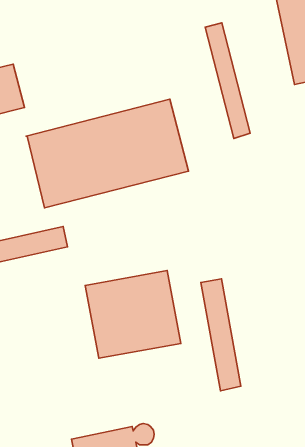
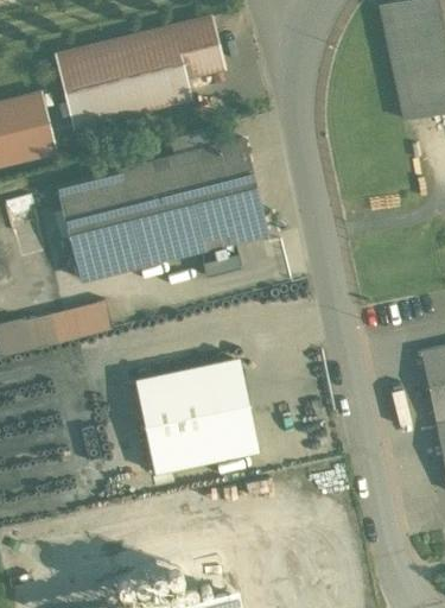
building: none -> [57,18,224,126]
building: [205,23,250,138] -> none
building: [201,279,241,391] -> none

